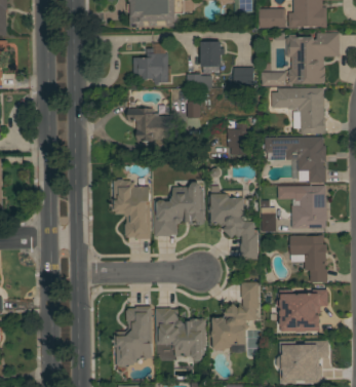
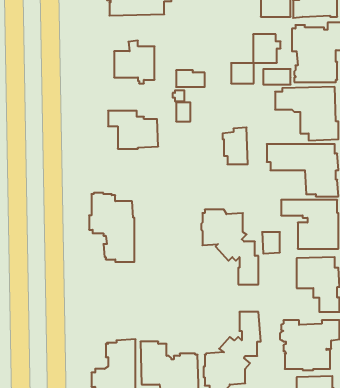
building: [201,42,225,67] -> [253,34,281,63]
building: [154,182,204,236] -> none

